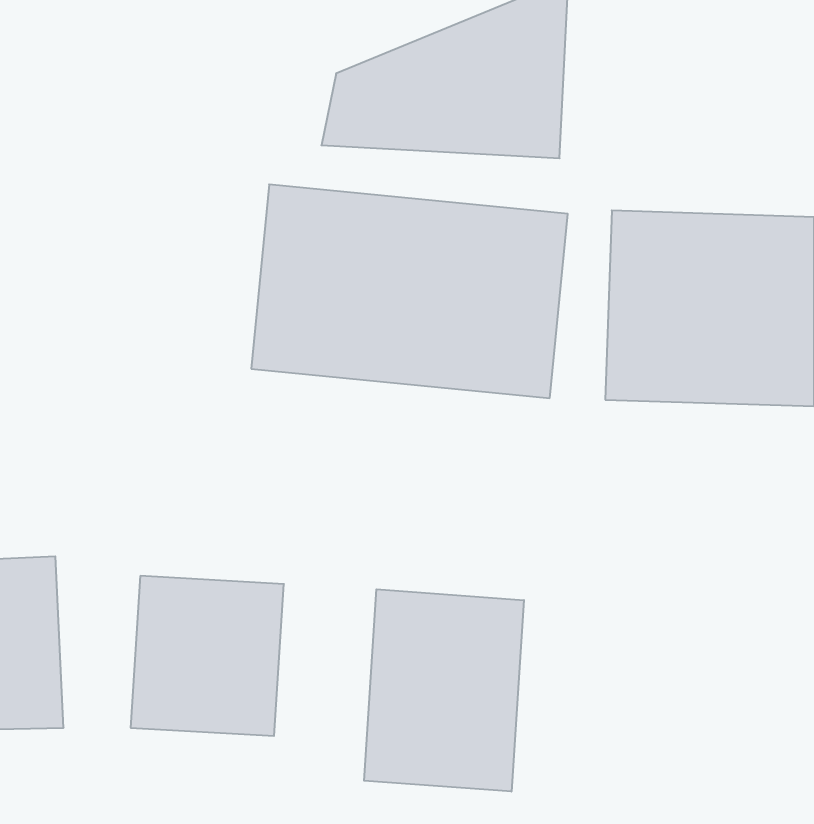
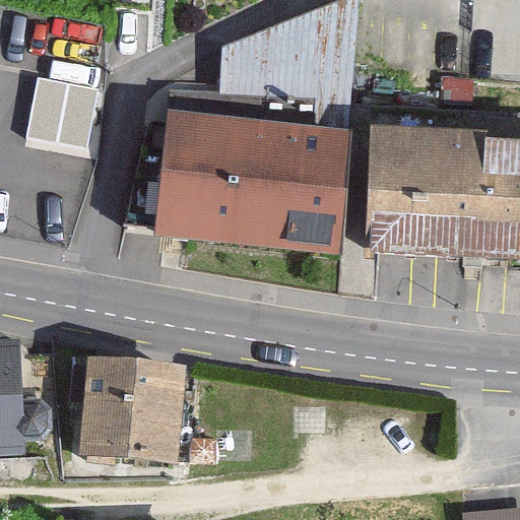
building: none -> [23,70,88,134]
building: [364,589,524,792] -> none

